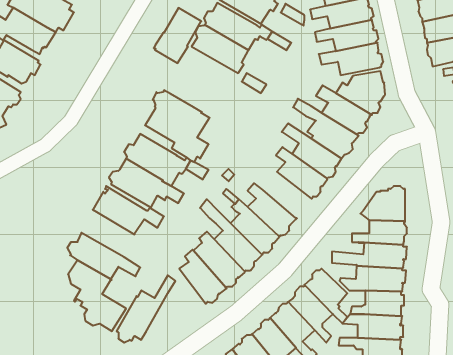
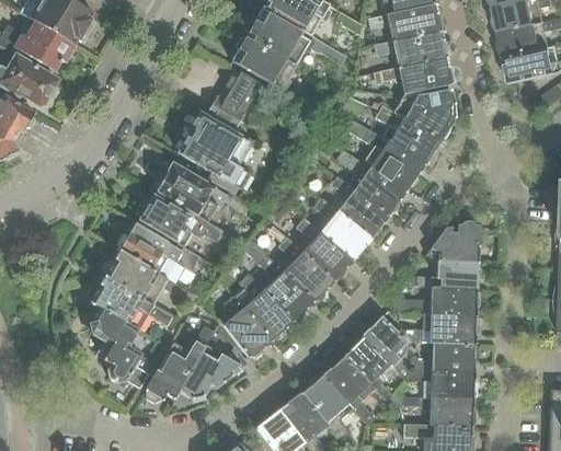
building: [154,8,201,63] -> [206,68,261,131]
building: none -> [312,198,370,259]
building: none -> [102,251,193,304]
building: none -> [179,346,248,402]

